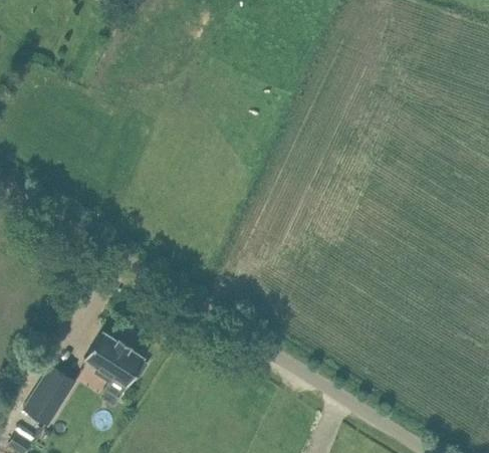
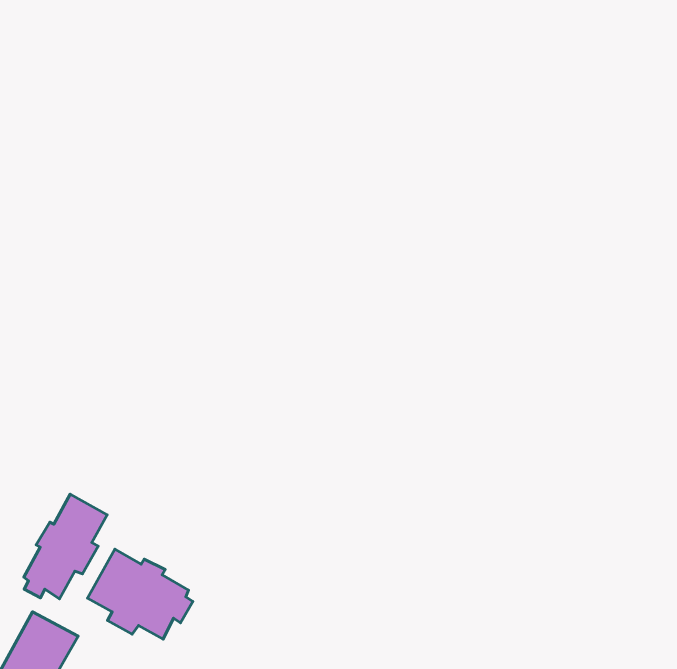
building: none -> [24,494,107,599]

